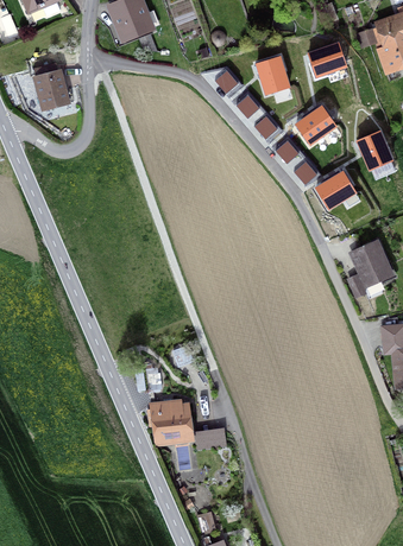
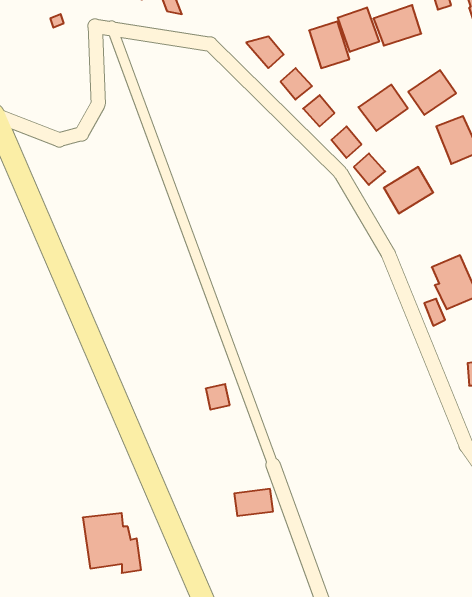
building: none -> [338,7,379,52]
building: [34,63,67,106] -> none
building: none -> [408,70,456,115]
building: [150,399,196,446] -> [83,513,141,573]

